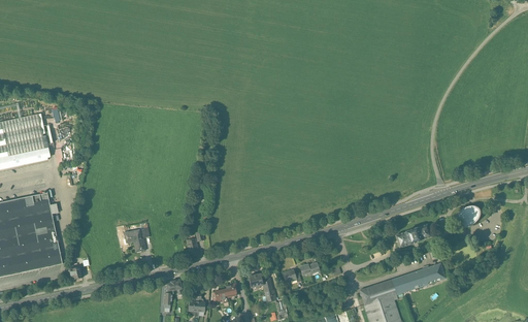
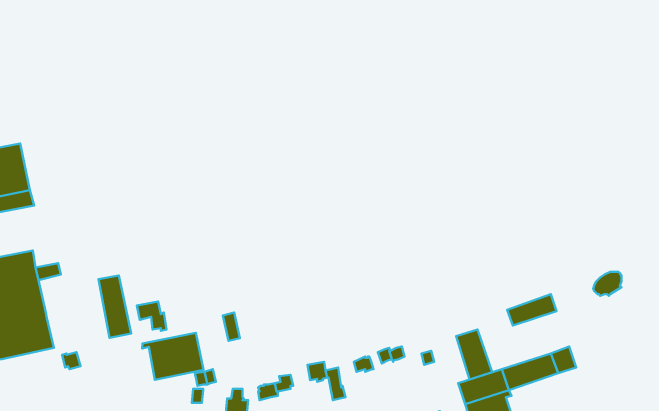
building: none -> [98,276,131,338]
building: none -> [456,330,492,379]
building: none -> [142,333,203,380]

